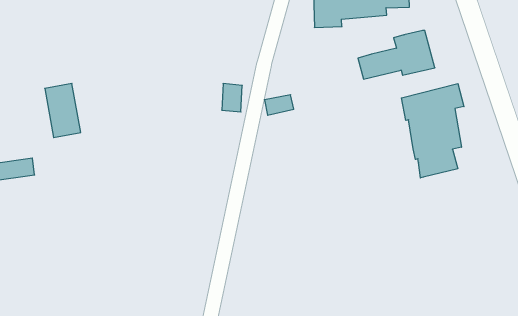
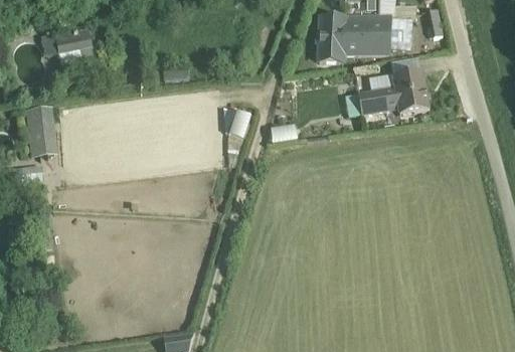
building: none -> [54,27,94,63]
building: [45,83,81,138] -> [25,107,56,157]
building: [401,84,464,178] -> none

